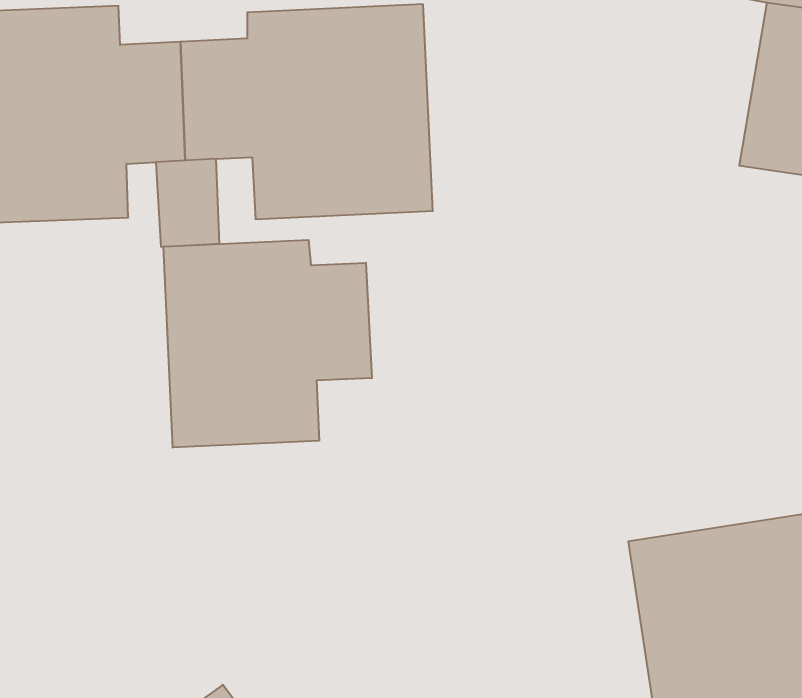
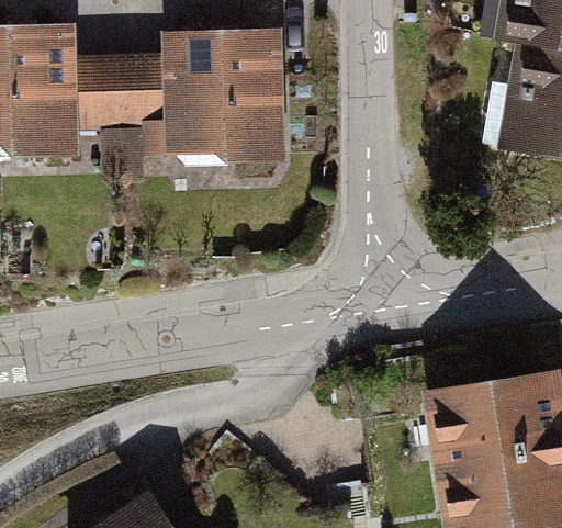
building: [164,240,372,448] -> none

